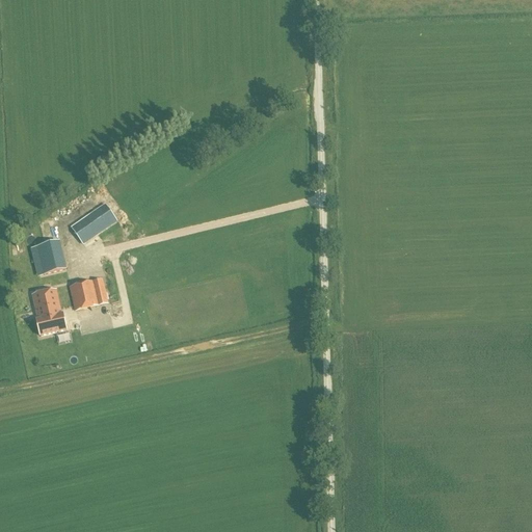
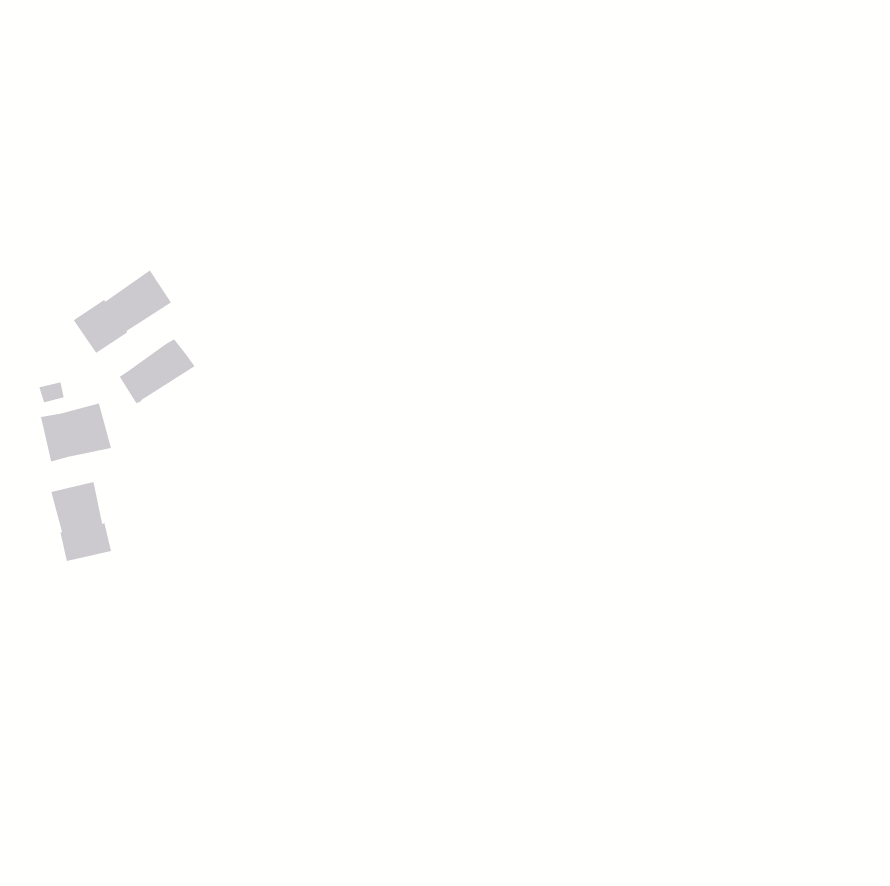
building: none -> [73,270,172,354]
building: [69,276,108,309] -> none

